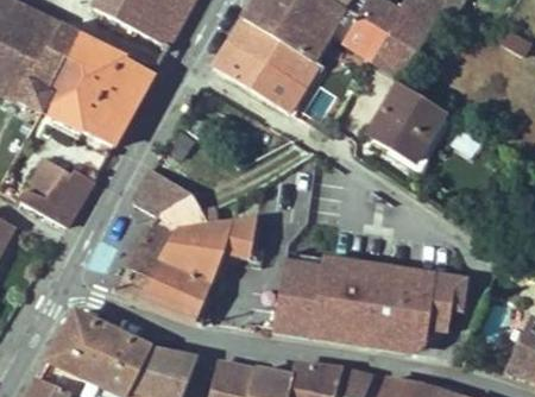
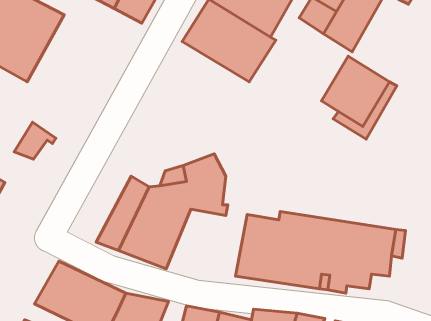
building: [39,34,152,144] -> none
building: [133,166,191,216] -> none
building: [19,168,93,225] -> none

